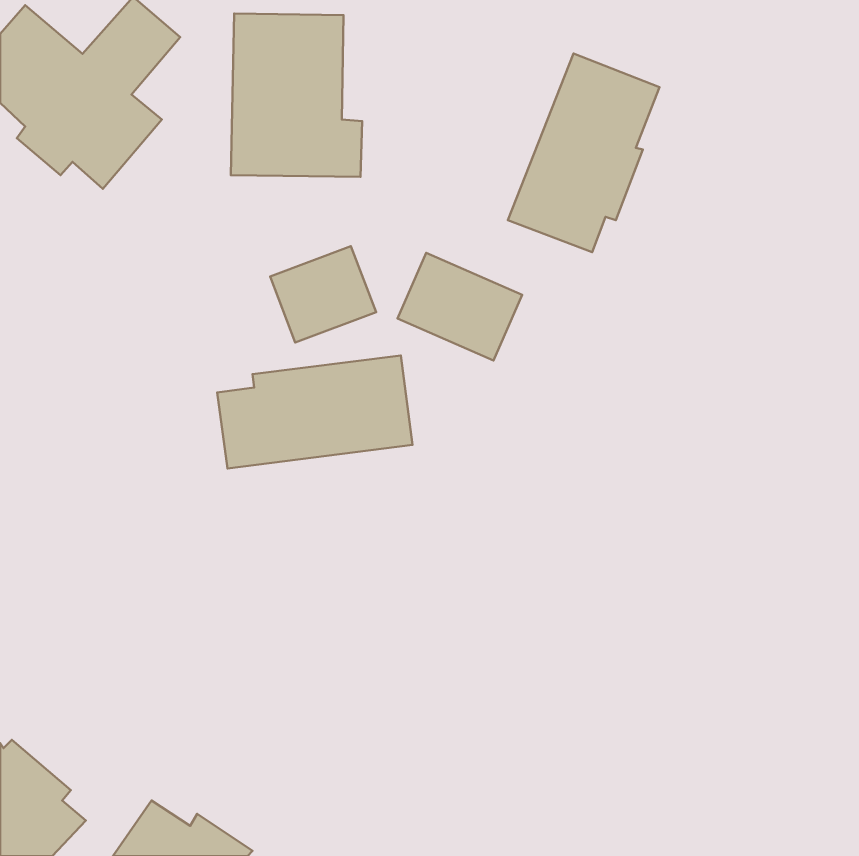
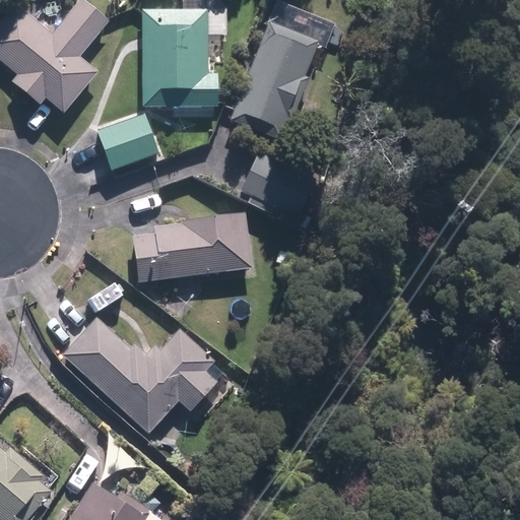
building: [508,53,660,252] -> [229,20,320,140]
building: [270,246,376,342] -> [95,114,159,172]
building: none -> [62,318,217,433]

